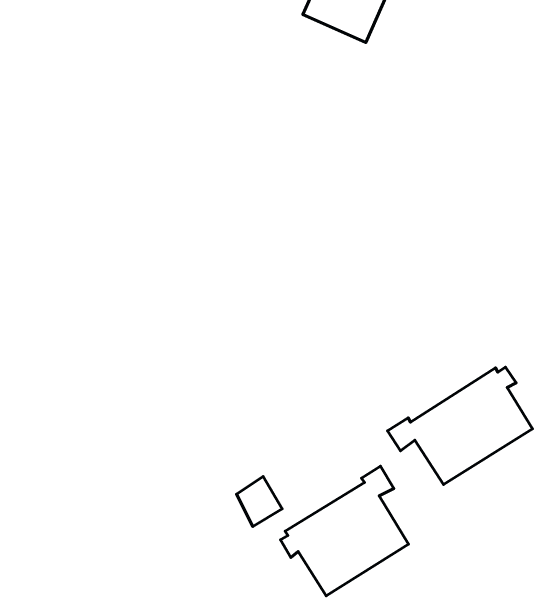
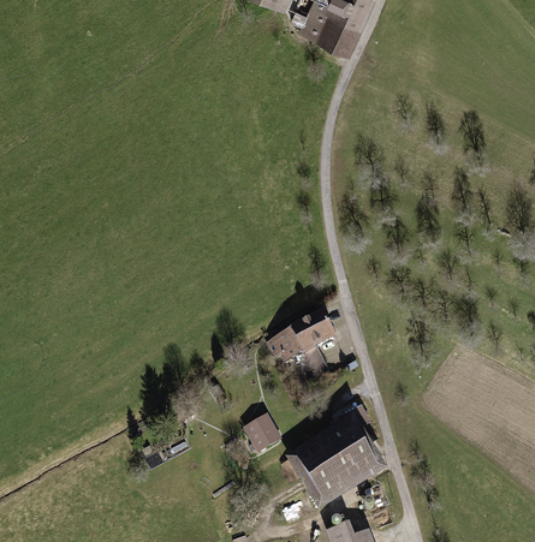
building: none -> [263,310,334,361]
building: [388,367,533,484] -> none

